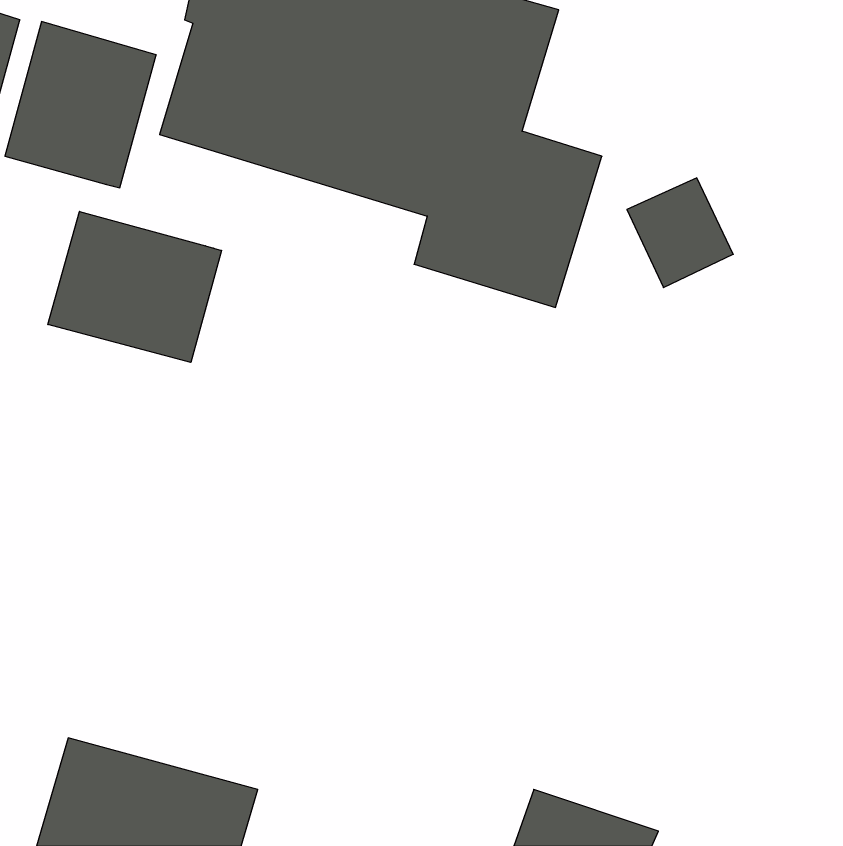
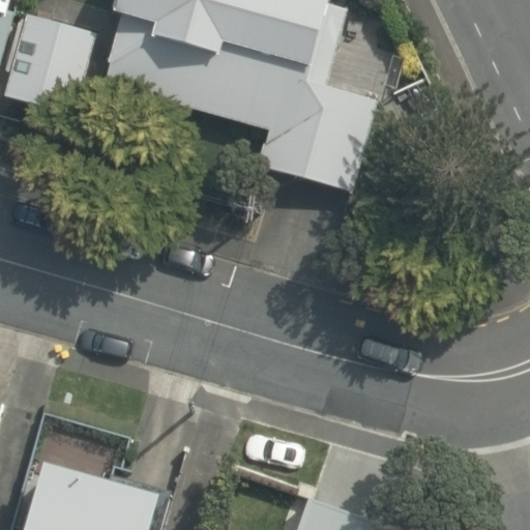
building: [48,211,222,362] -> none

